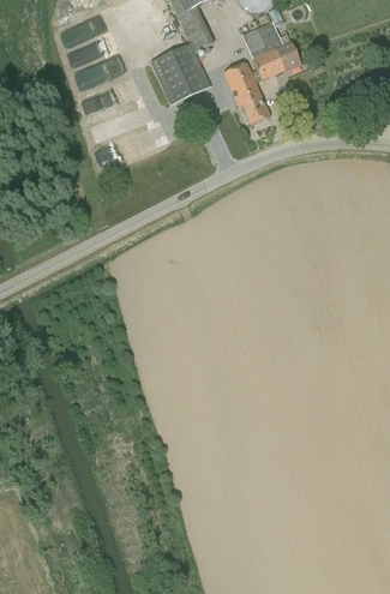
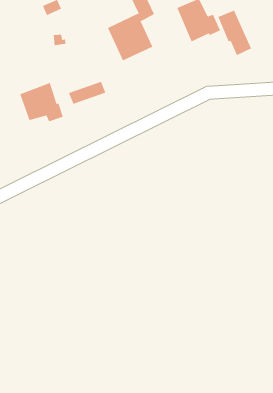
building: [224,64,270,125] -> [217,10,252,56]
building: none -> [20,82,64,122]

